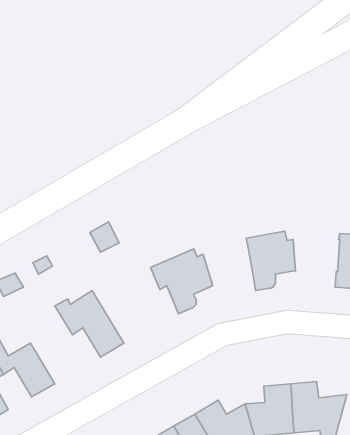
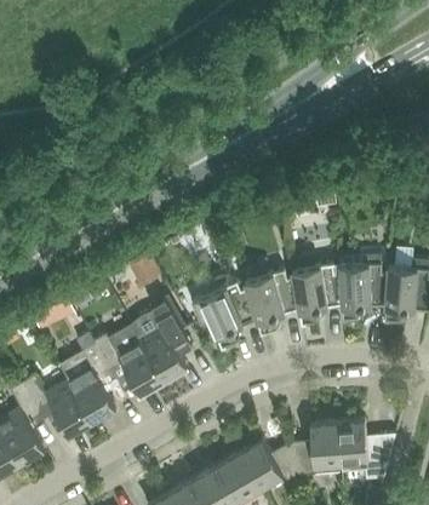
building: none -> [338,256,387,321]
building: none -> [242,270,297,335]
building: none -> [130,300,191,380]
building: none -> [58,333,114,423]

